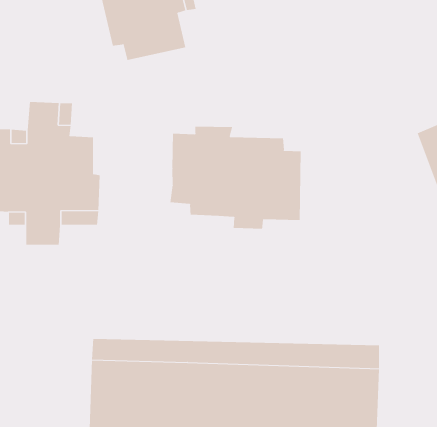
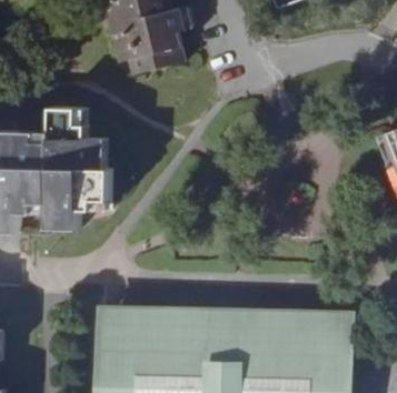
building: [170,126,301,229] -> none

